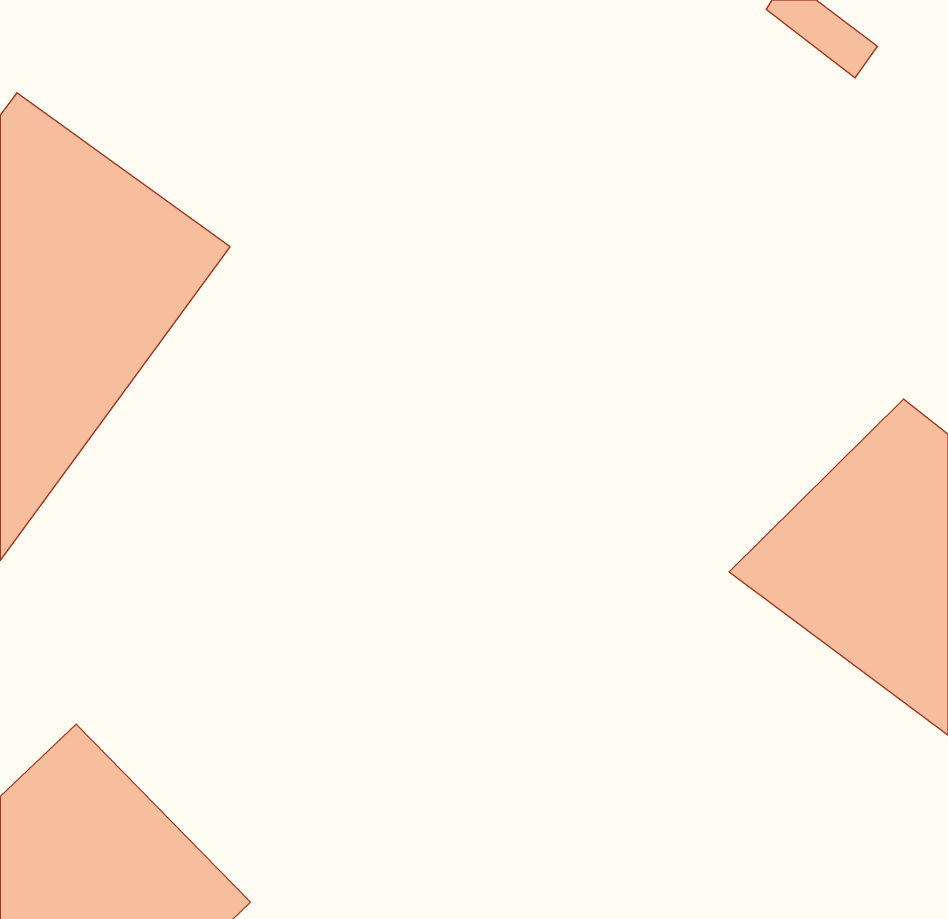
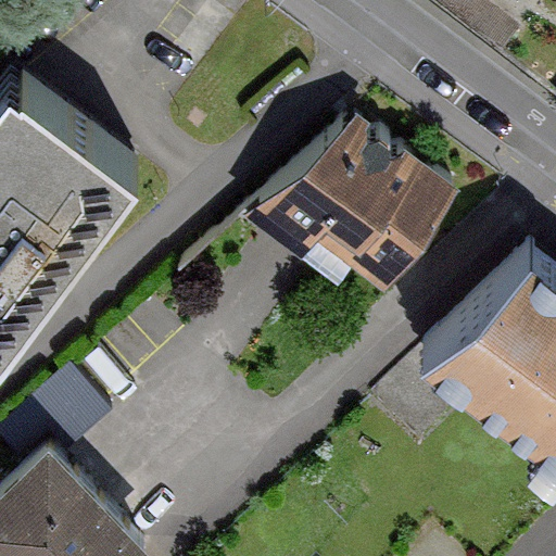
building: none -> [247,116,455,288]

